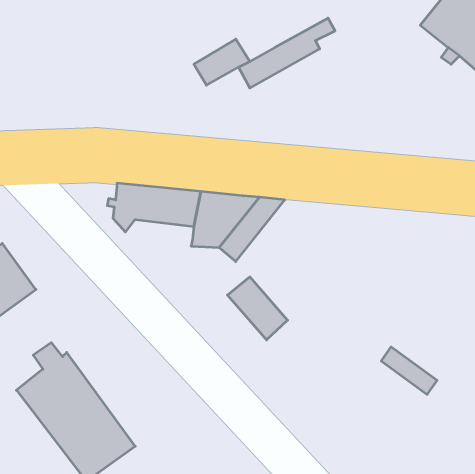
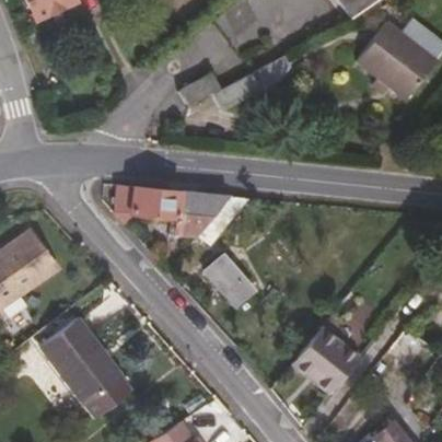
building: none -> [292,327,361,395]

